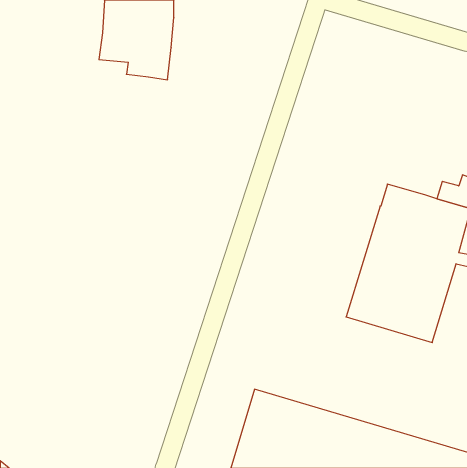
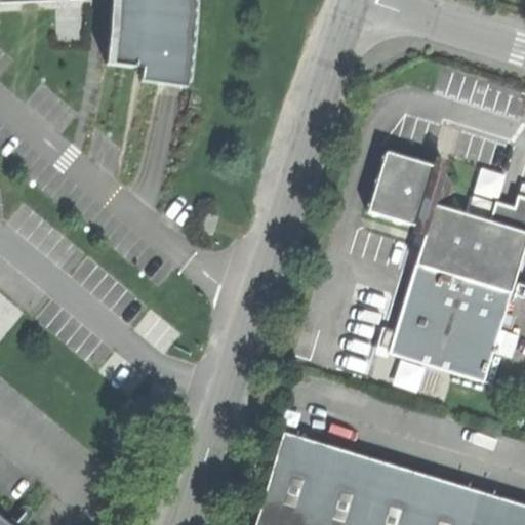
building: none -> [367,153,455,231]

